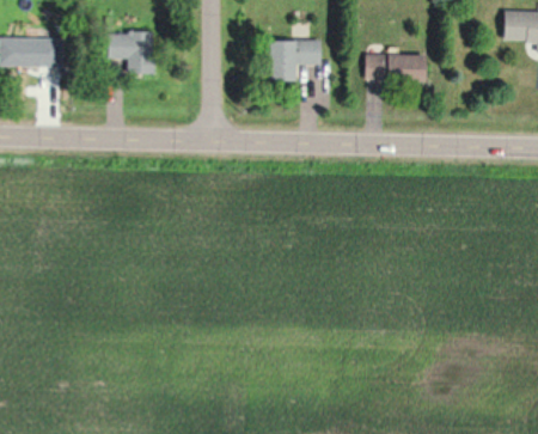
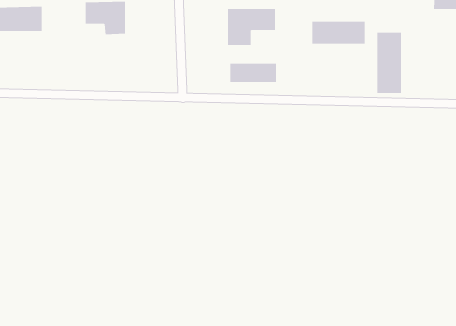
building: none -> [377,32,402,94]
building: none -> [230,63,276,83]

